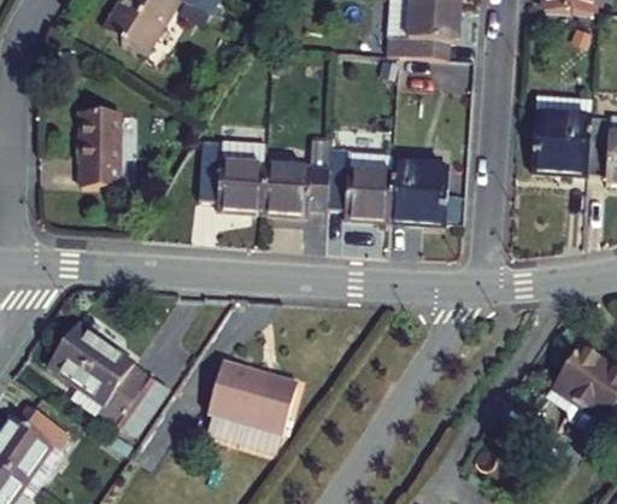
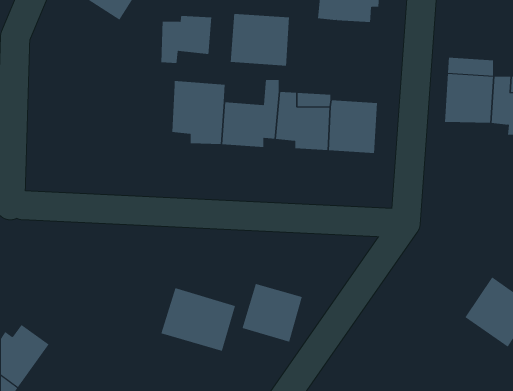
building: none -> [230,13,289,67]
building: none -> [161,15,212,64]
building: [81,115,121,192] -> none
building: [52,323,149,426] -> none
building: none -> [242,283,302,343]

